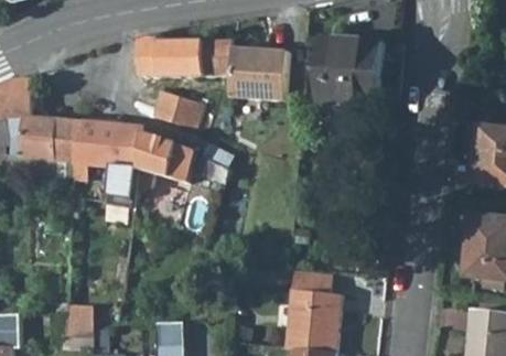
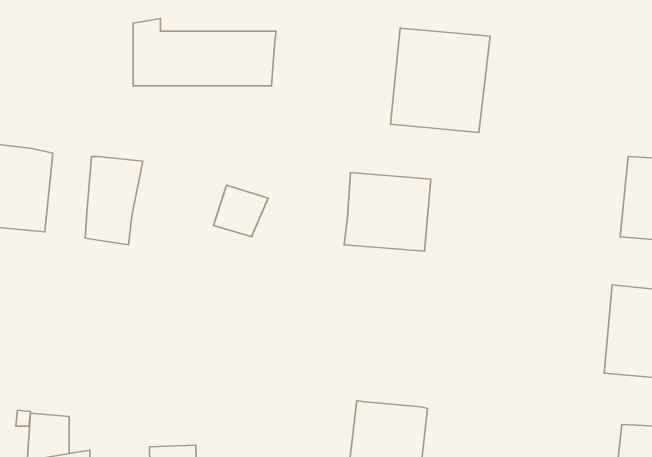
building: [232,45,291,99] -> [344,173,431,251]
building: [148,88,205,131] -> none
building: [78,115,115,177] -> none
building: [136,132,195,186] -> none
building: [298,269,338,296] -> none

